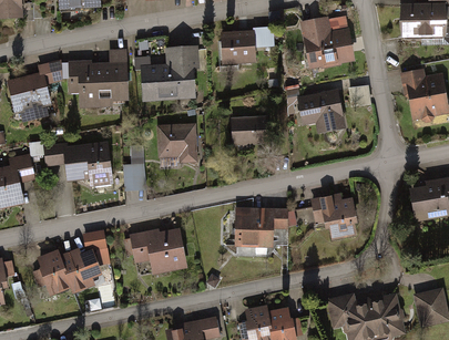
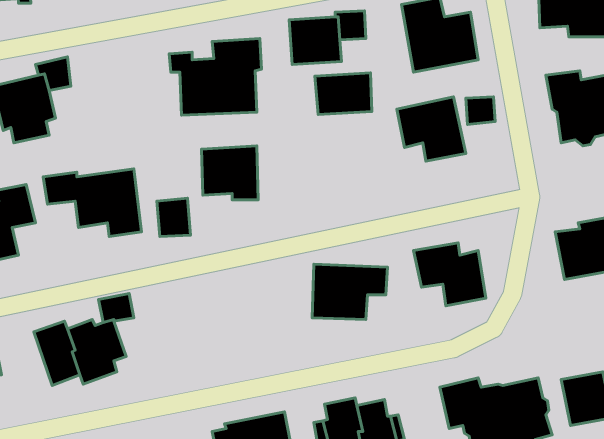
building: [65,49,127,110] -> none
building: [228,116,269,146] -> [315,73,372,114]
building: [122,228,185,275] -> none

